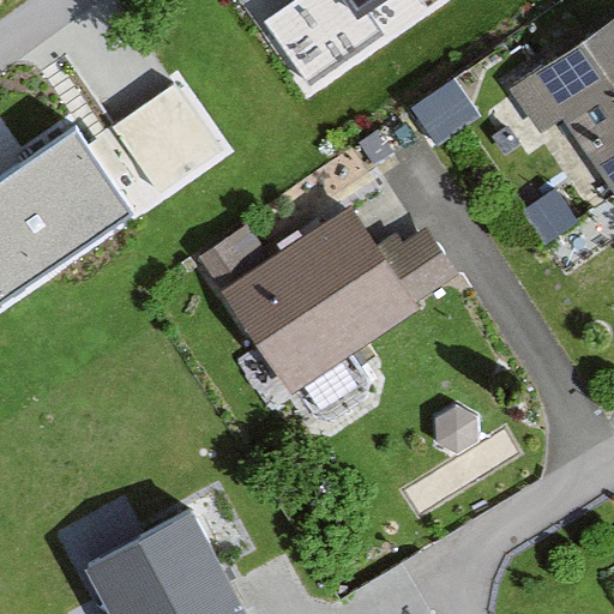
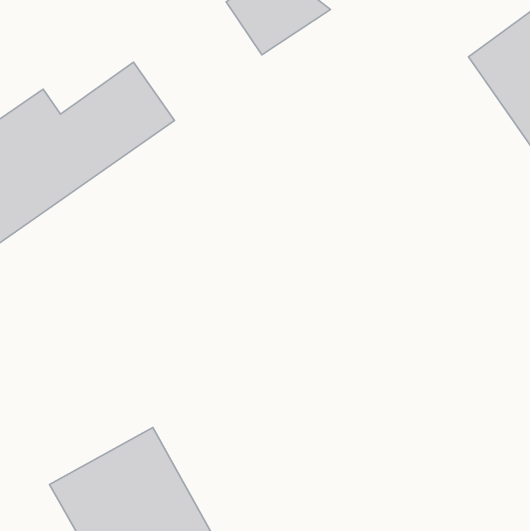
building: [230,212,421,392] -> none

